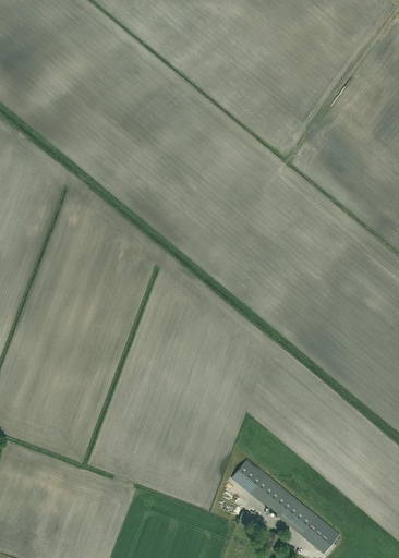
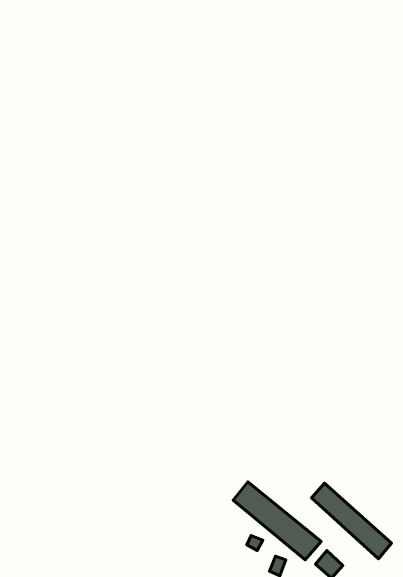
building: none -> [311,483,391,559]

